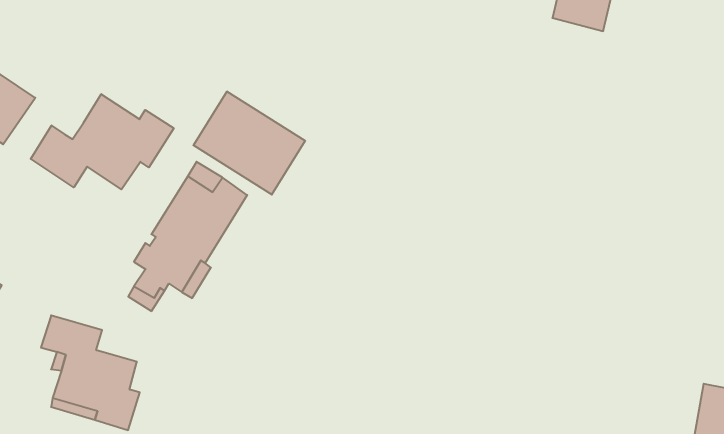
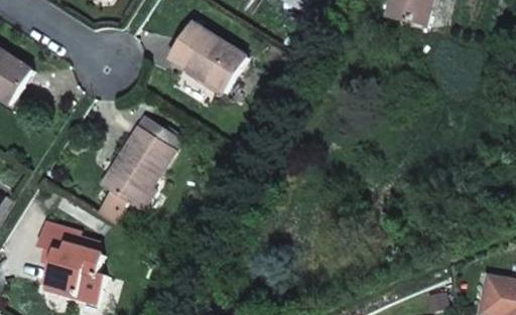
building: [193,92,305,195] -> [168,21,246,93]
building: [31,94,174,189] -> none

